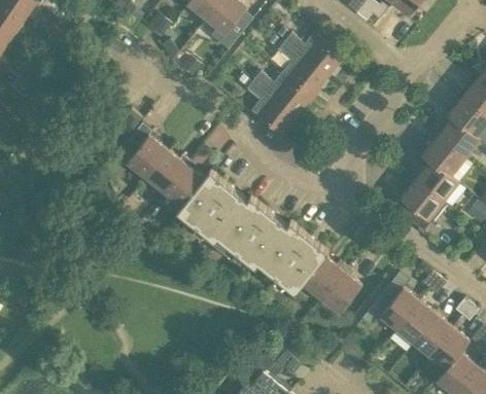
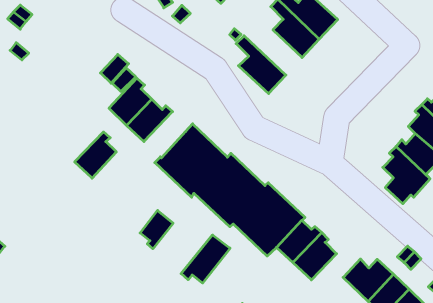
building: [253,72,312,116] -> none
building: [164,162,204,208] -> [75,132,116,178]
building: none -> [140,210,173,249]
building: none -> [181,235,230,283]

